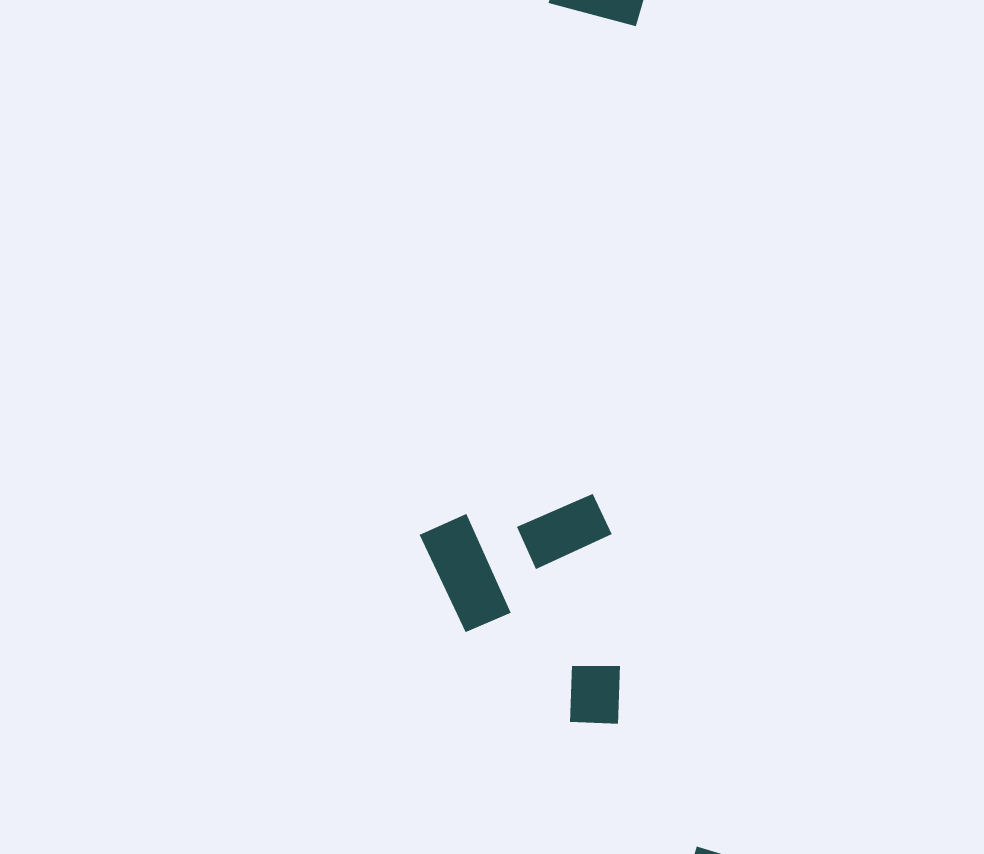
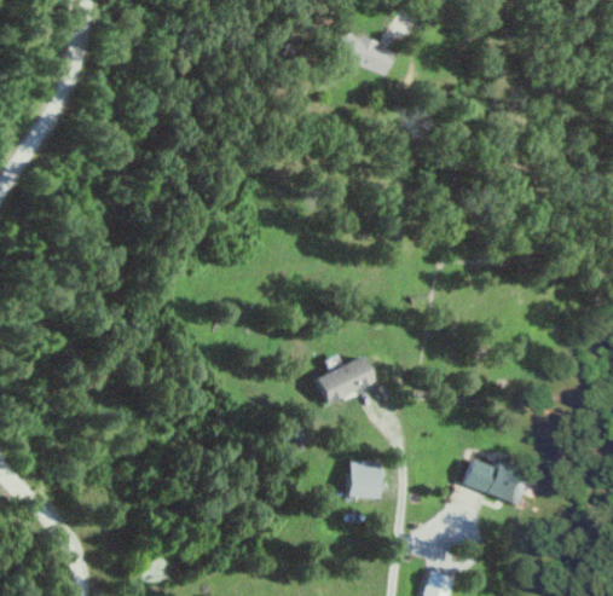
building: [419,513,512,633] -> none
building: none -> [462,459,531,505]

